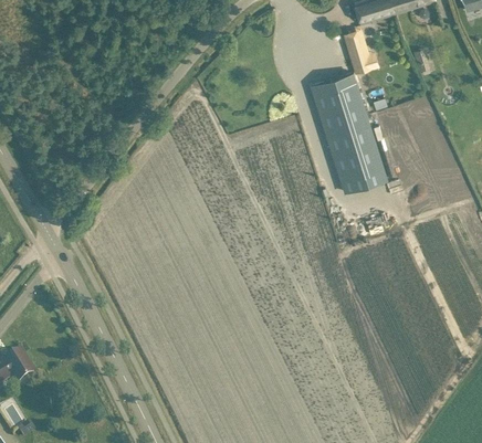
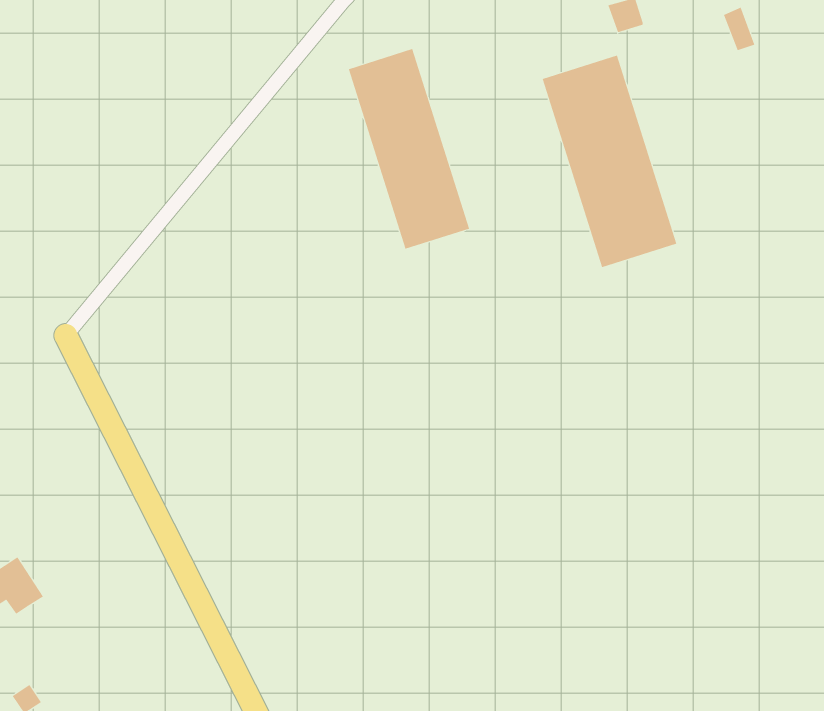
building: none -> [348,48,470,249]

